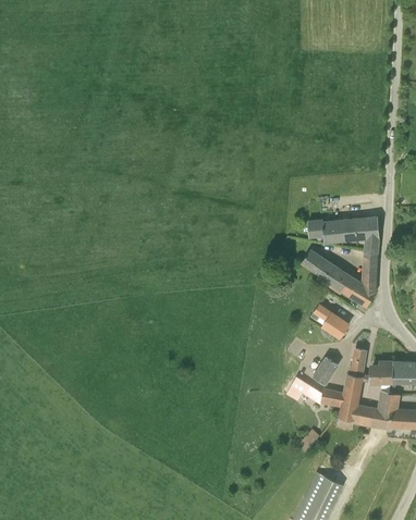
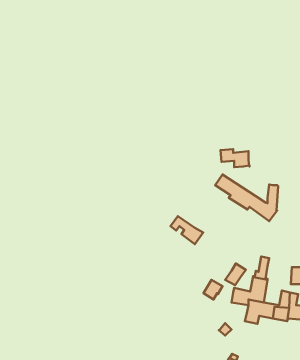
building: [341,216,380,252] -> none
building: [310,304,350,337] -> [171,216,203,244]
building: [370,360,393,383] -> none

